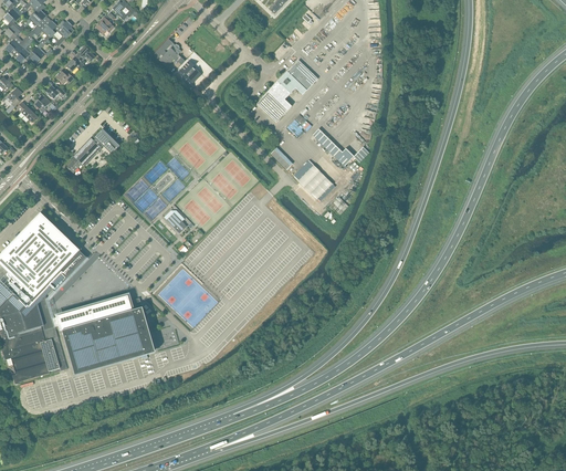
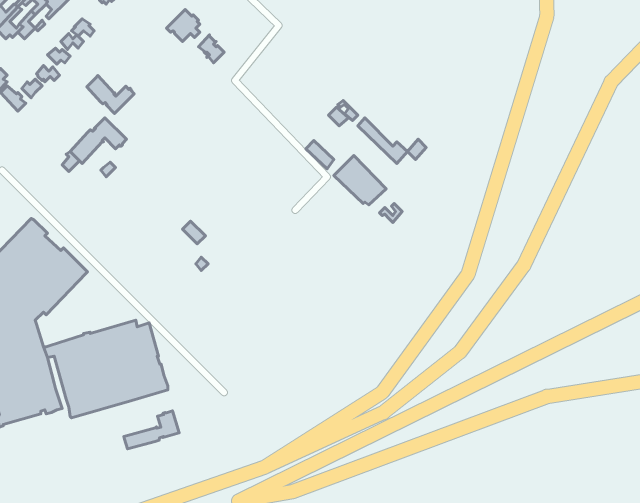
building: [255,59,316,121] -> none
building: none -> [87,76,134,113]
building: none -> [124,411,179,449]

